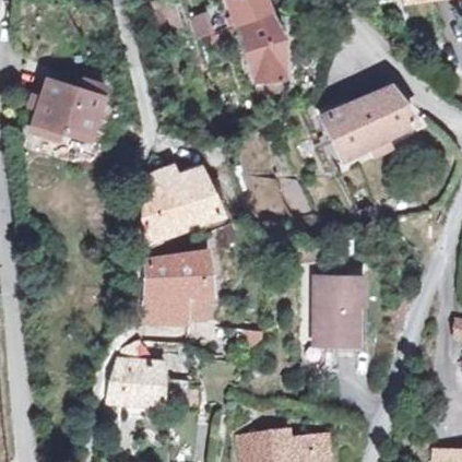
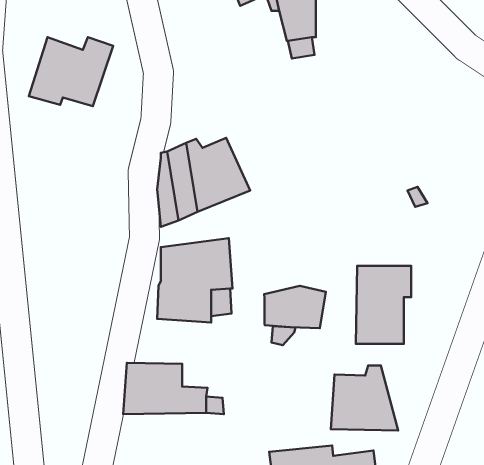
building: [318,84,411,158] -> none
building: none -> [264,286,326,328]
building: none -> [331,366,398,430]

